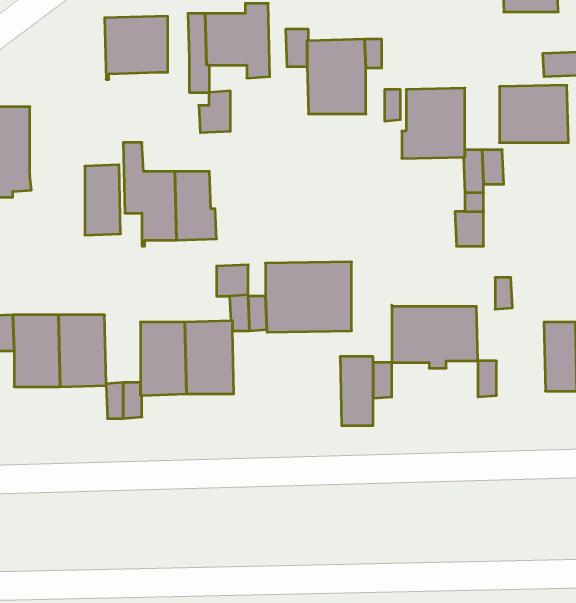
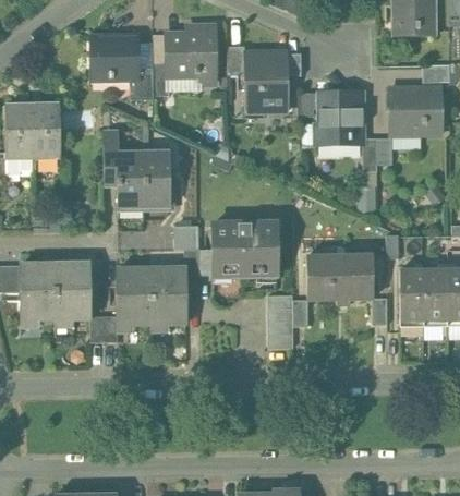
building: [199,91,230,133] -> [130,69,154,100]
building: [85,165,121,235] -> [33,105,60,158]
building: none -> [399,269,424,322]

